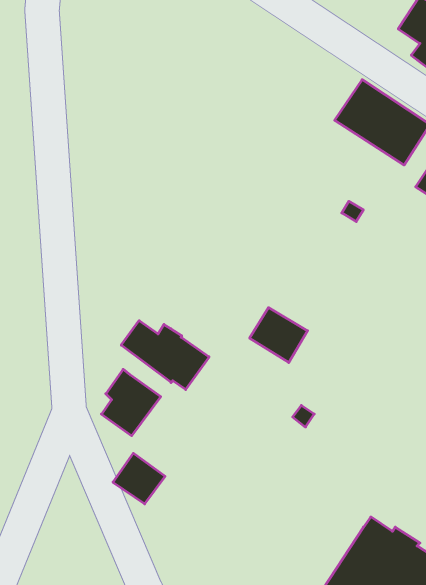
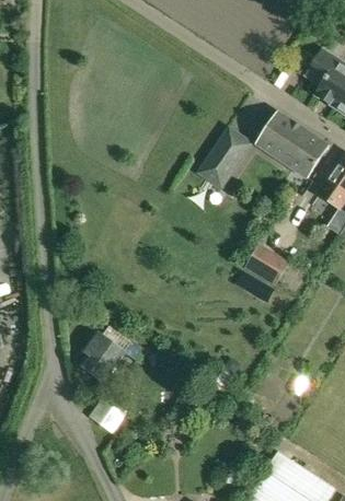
building: none -> [196,124,254,189]
building: [250,308,308,363] -> [244,244,288,286]
building: [121,321,209,390] -> none

